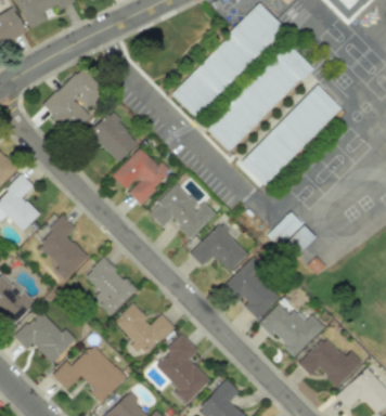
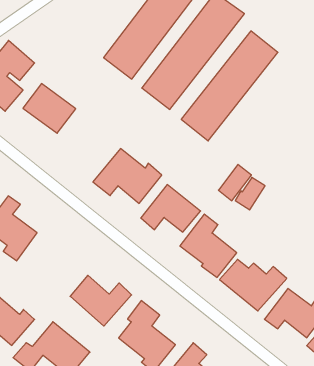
building: [113,145,170,204] -> none
building: [85,257,137,315] -> none

